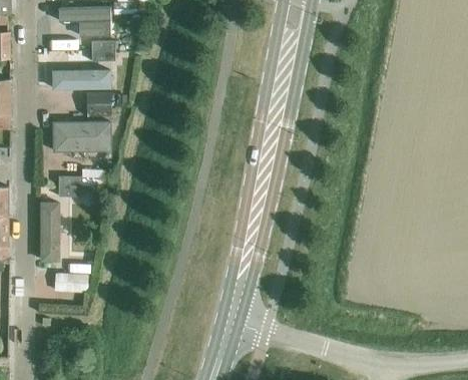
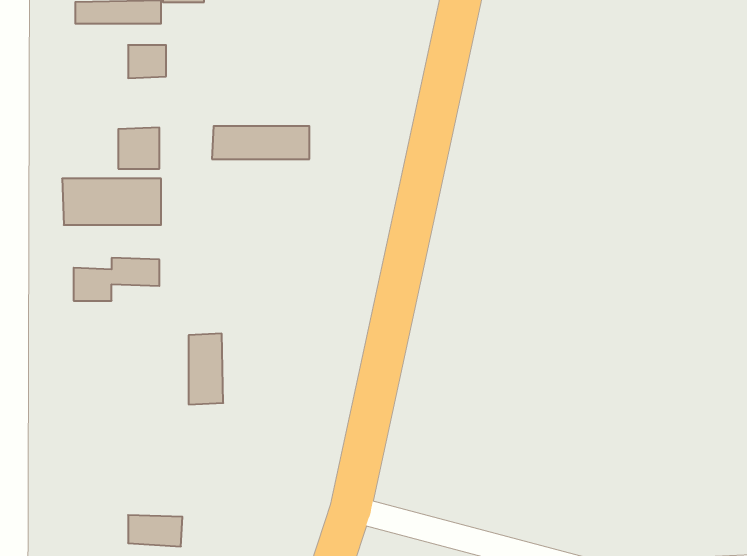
building: [50,68,109,88] -> [212,126,309,159]
building: [48,207,69,250] -> [189,334,223,404]
building: [54,273,87,292] -> [128,515,182,546]

